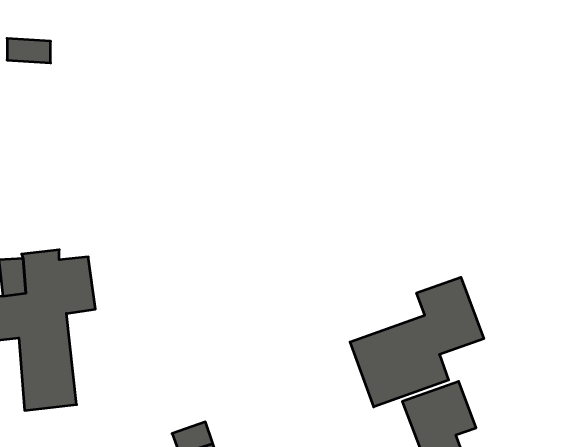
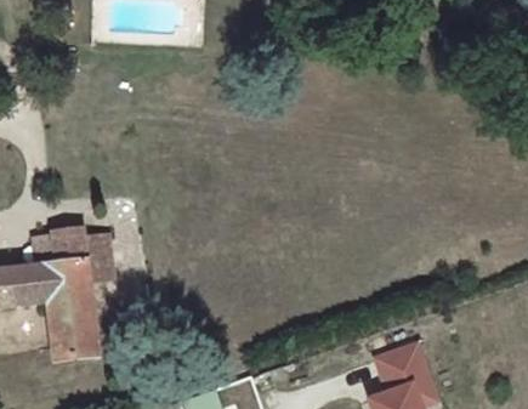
building: [350,277,484,407] -> none

